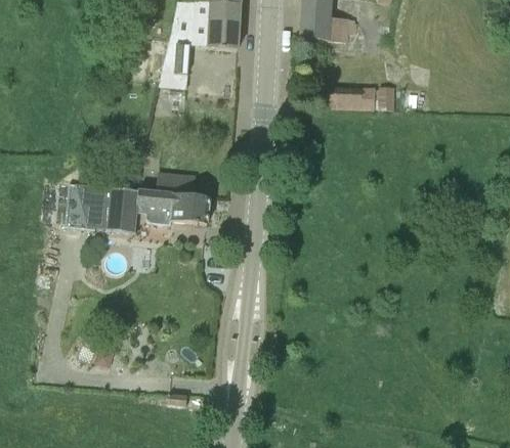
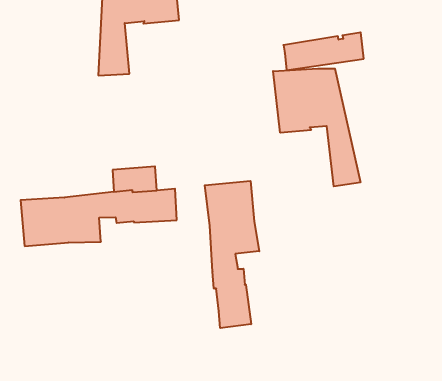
building: none -> [273,69,360,186]
building: none -> [205,181,259,328]

